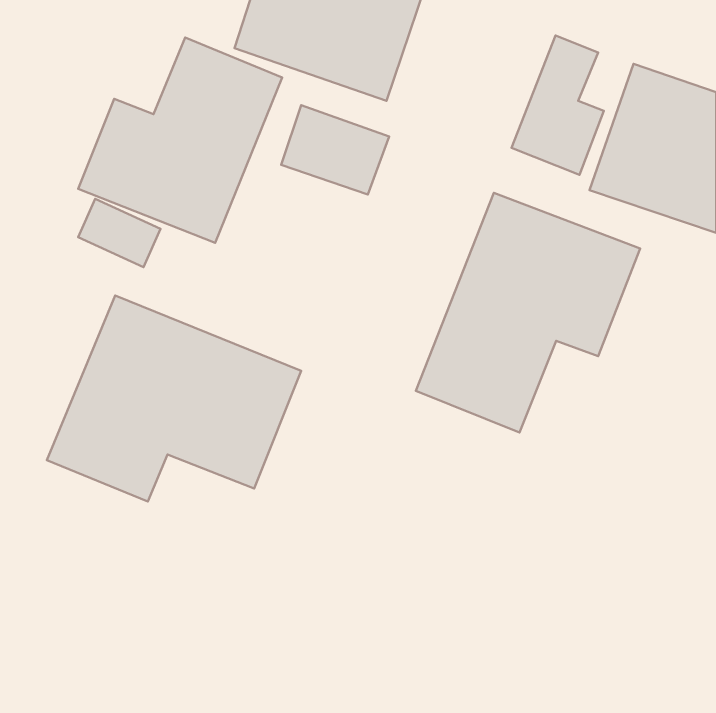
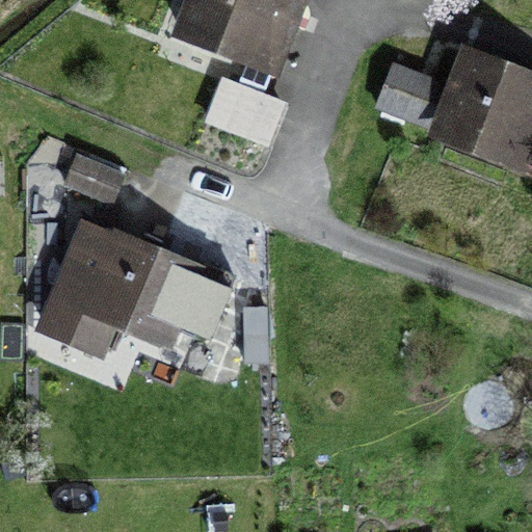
building: [78,38,282,243] -> none
building: [416,193,640,432] -> none

